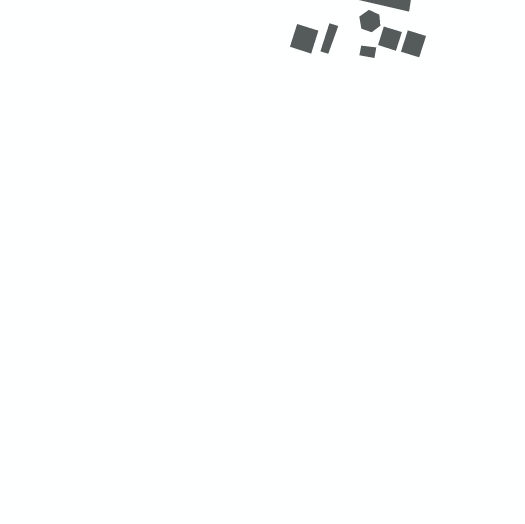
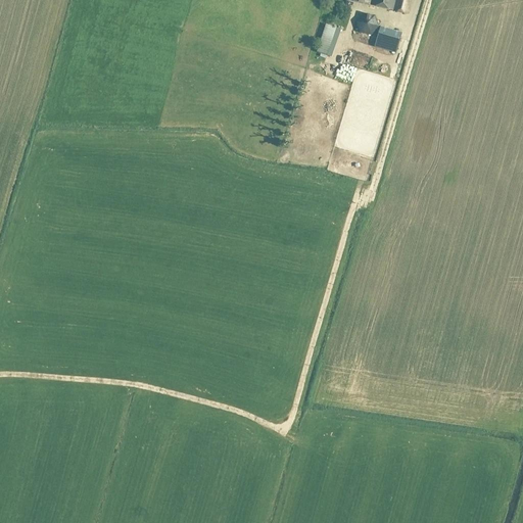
building: [289,23,319,54] -> none
building: [400,29,427,58] -> none

